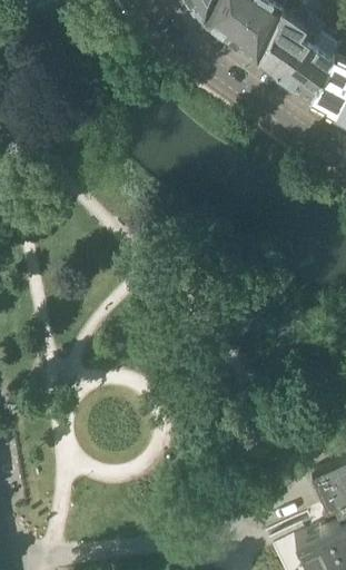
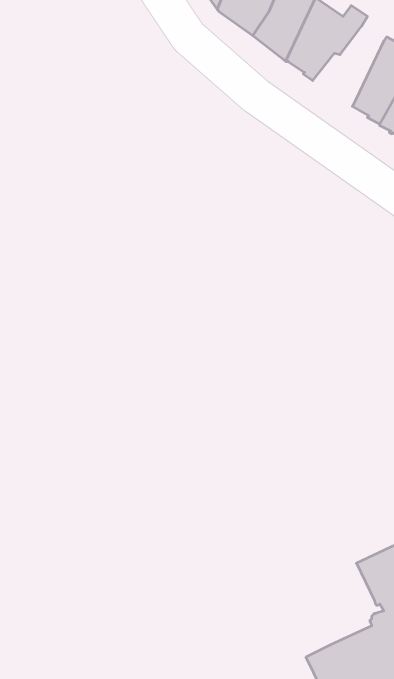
building: [278,36,336,101] -> none

